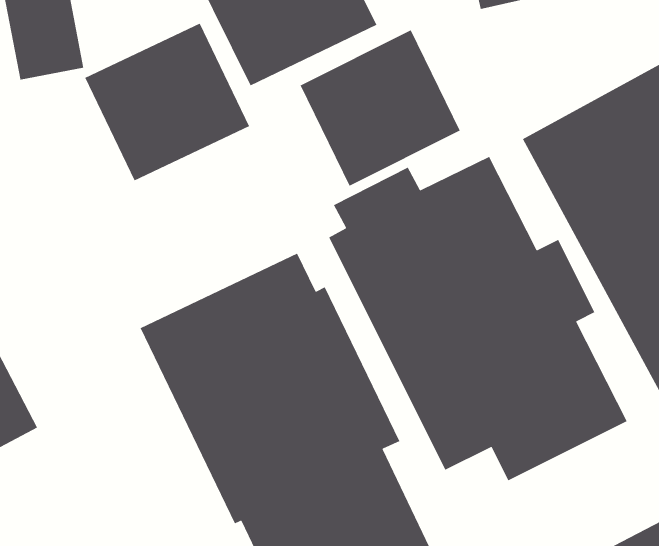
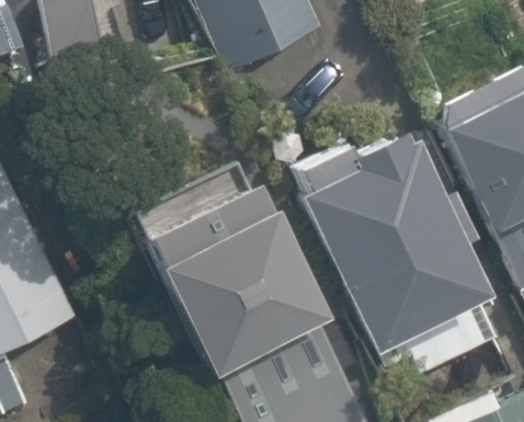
building: [84,23,250,181] -> none
building: [299,29,461,187] -> none

